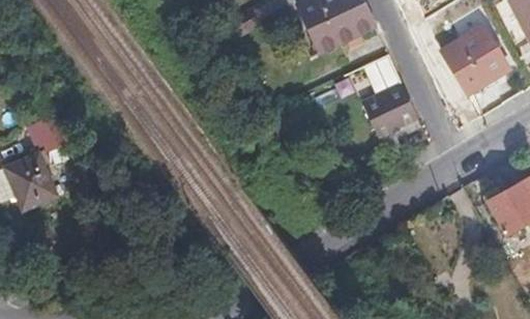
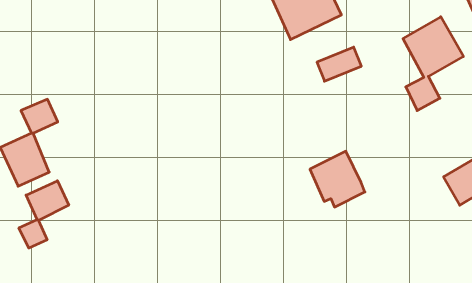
building: [362,81,422,142] -> [310,151,365,207]
building: none -> [19,181,69,248]

